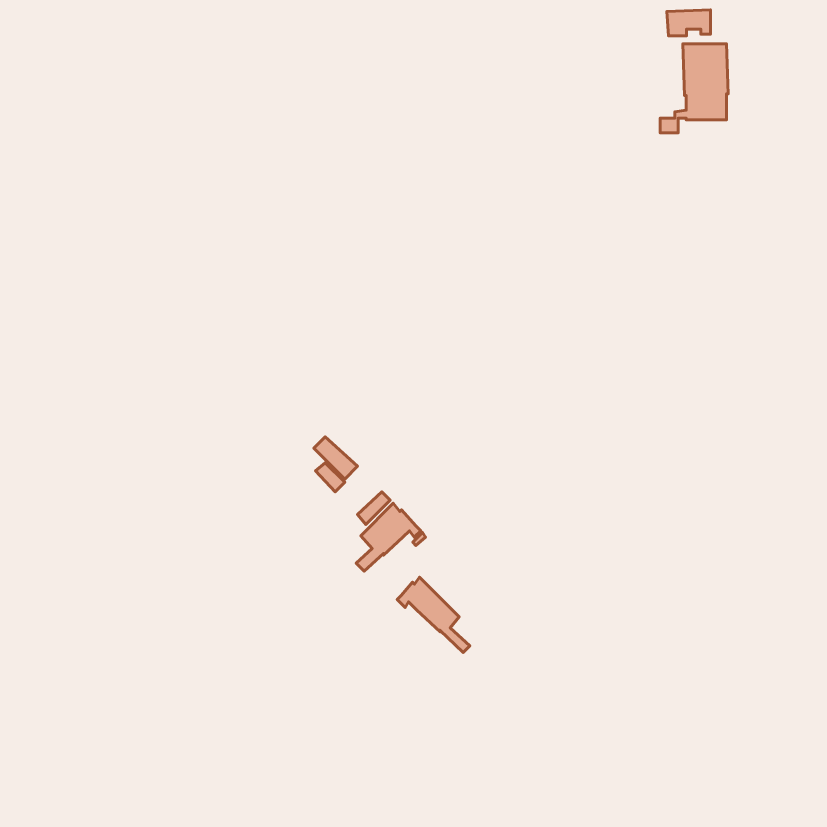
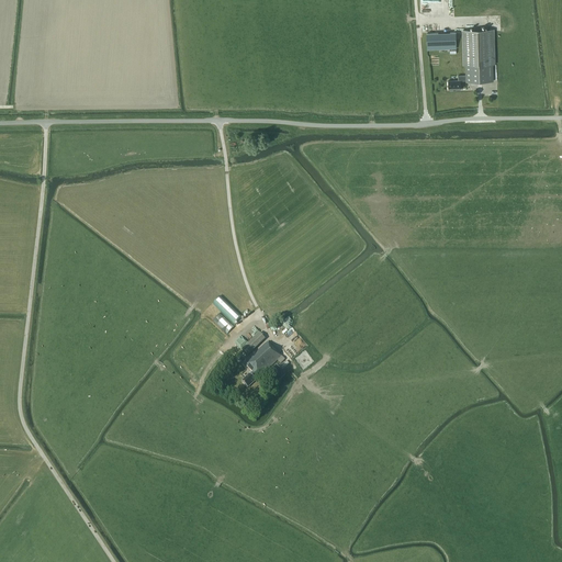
building: [667,10,711,36] -> [426,32,456,49]
building: [397,577,470,652] -> none

